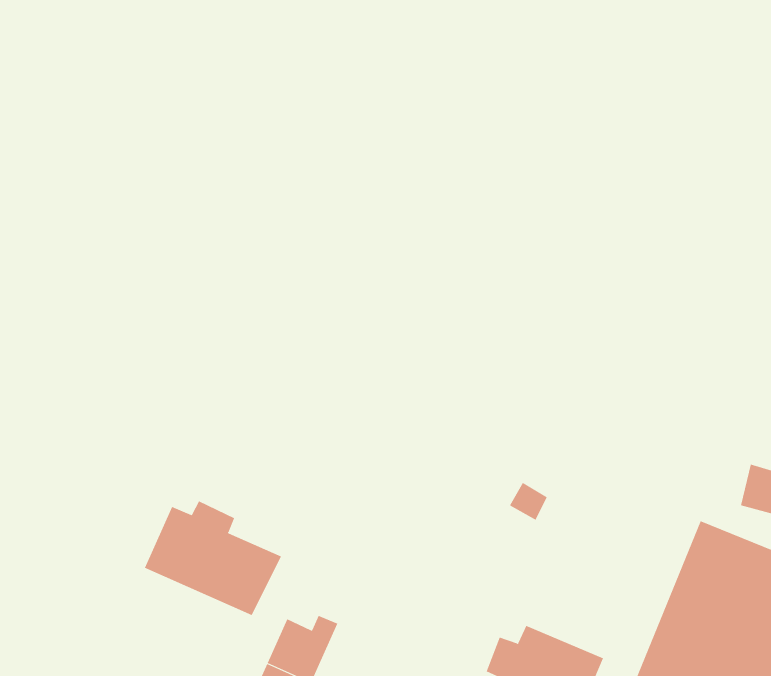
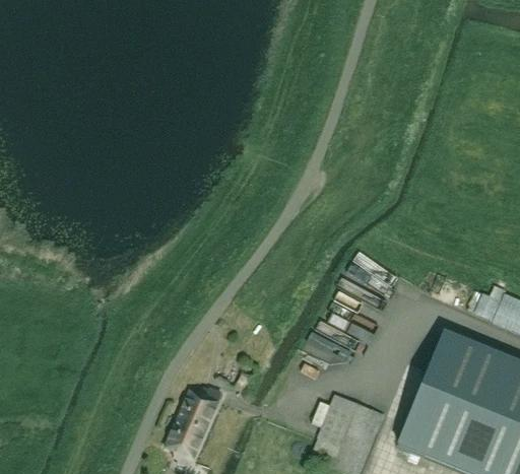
building: [144,501,282,616] -> none

